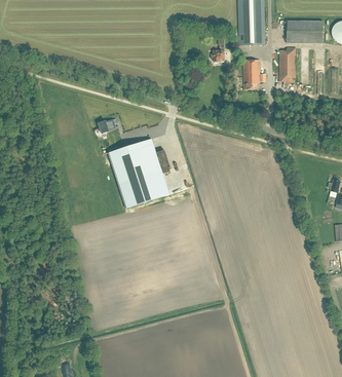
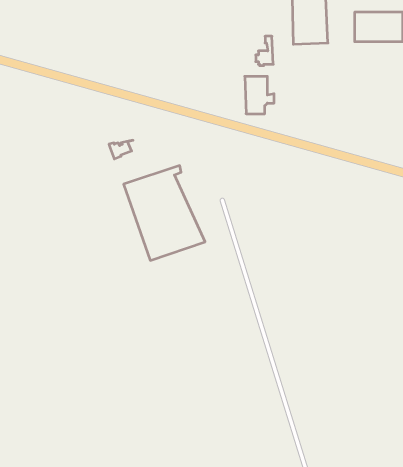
building: [279,46,296,83] -> none
building: [242,60,265,88] -> [245,76,274,114]

